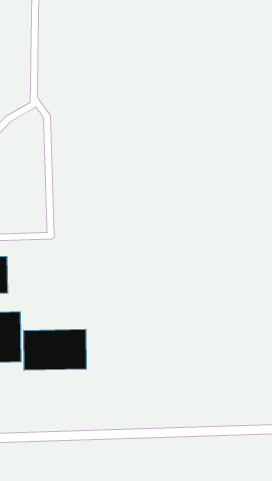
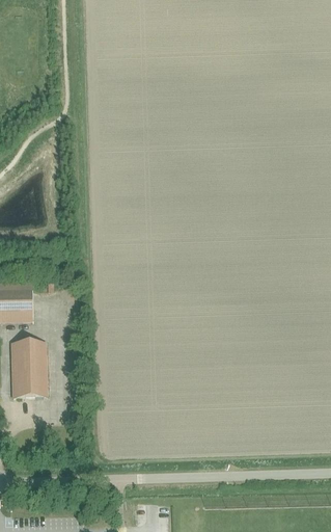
building: [24,329,86,370] -> none

